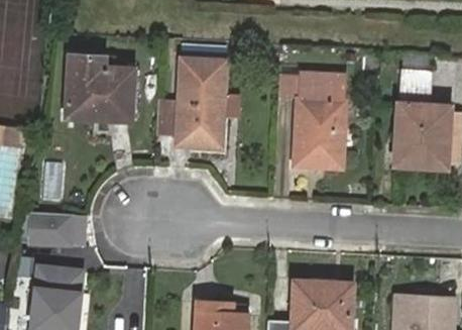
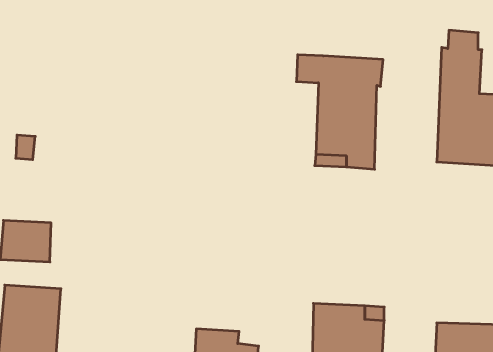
building: [157,46,225,142] -> none
building: [67,57,134,118] -> none

